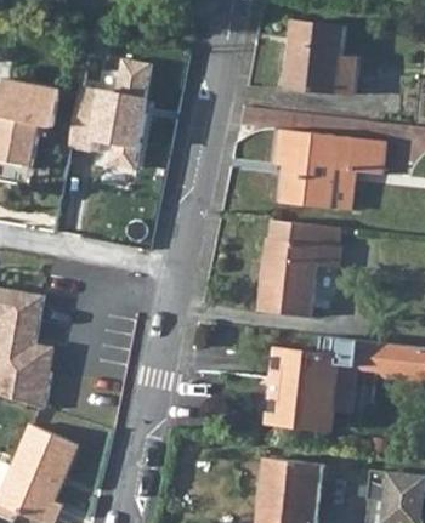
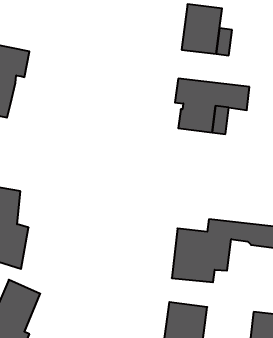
building: [70,61,151,167] -> none
building: [256,221,339,318] -> none

